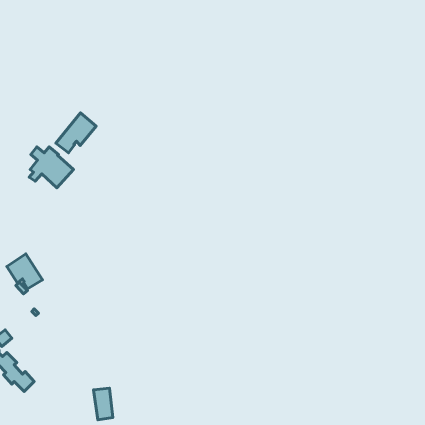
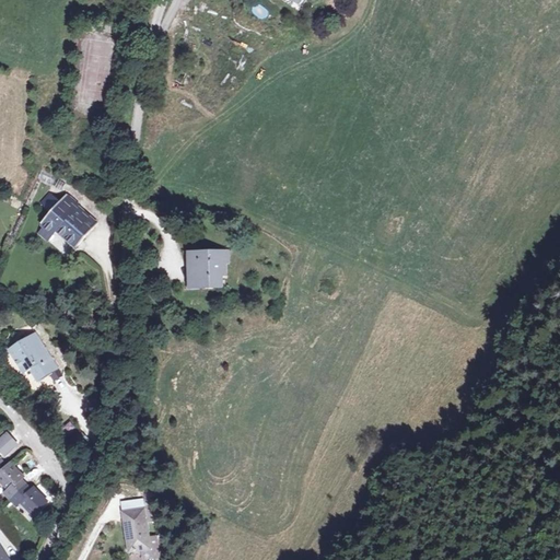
building: [56,113,96,153] -> none
building: none -> [188,250,226,288]

